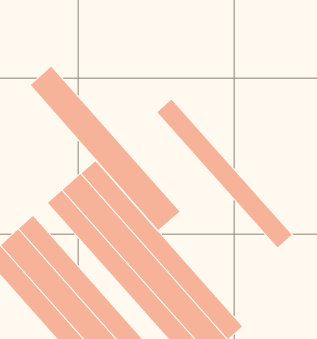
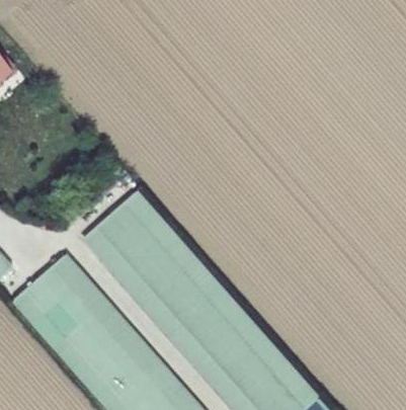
building: [30,66,180,231] -> none
building: [157,99,293,248] -> none

